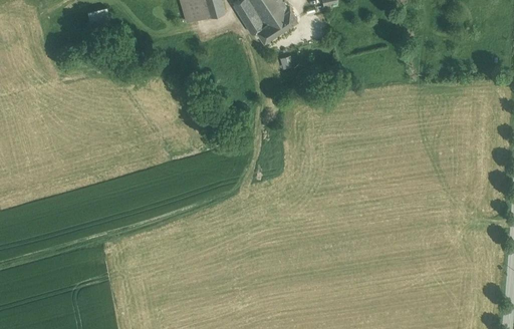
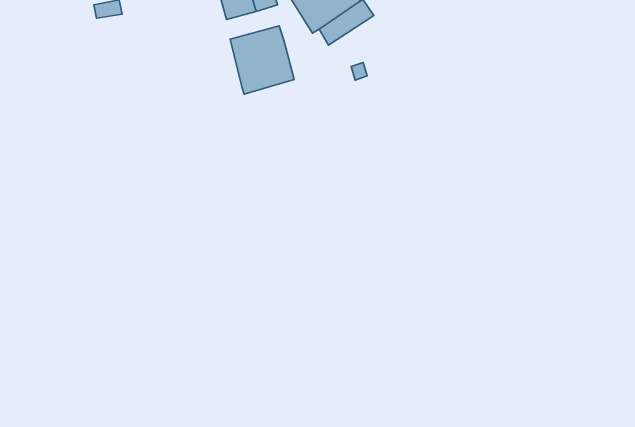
building: none -> [230,26,294,94]

